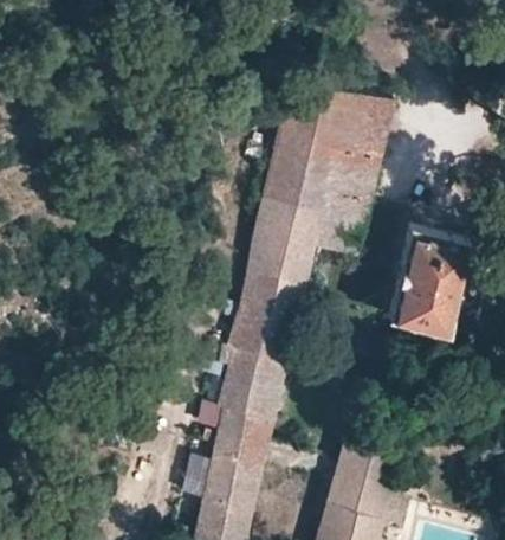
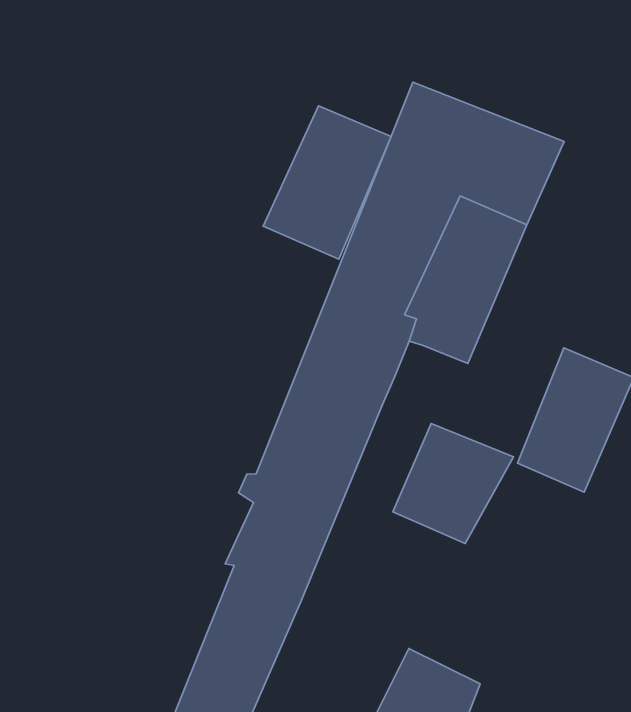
building: none -> [263,106,391,259]
building: none -> [393,423,514,543]

